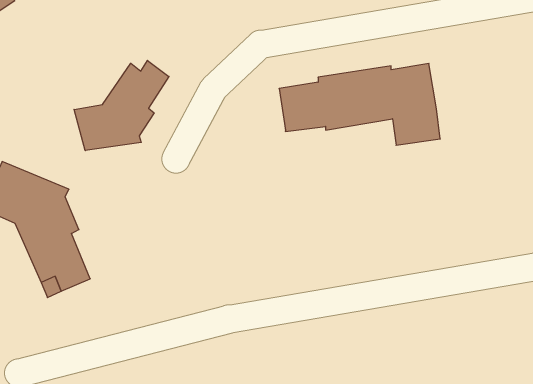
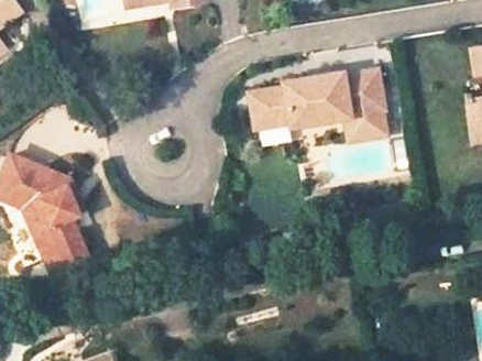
building: [74,60,169,151] -> none

